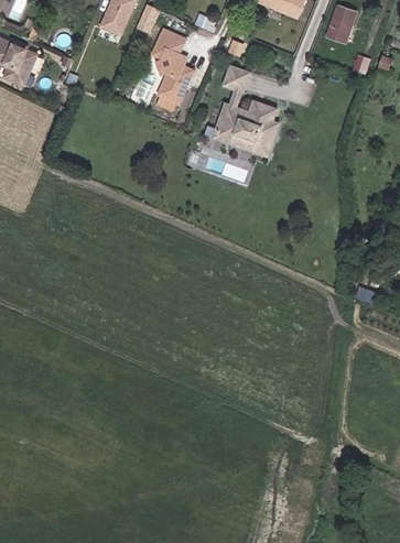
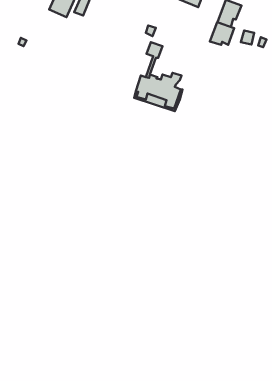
building: [150,26,192,101] -> none
building: none -> [210,22,234,45]

